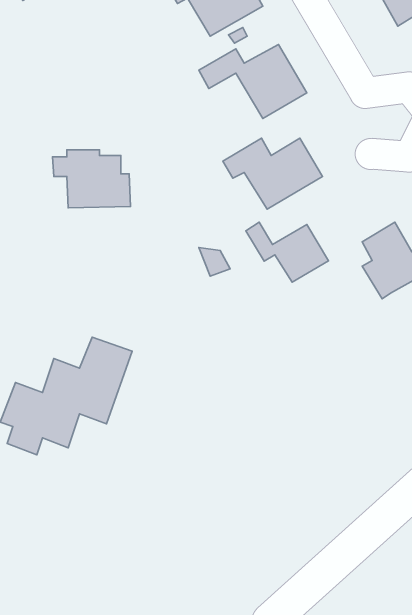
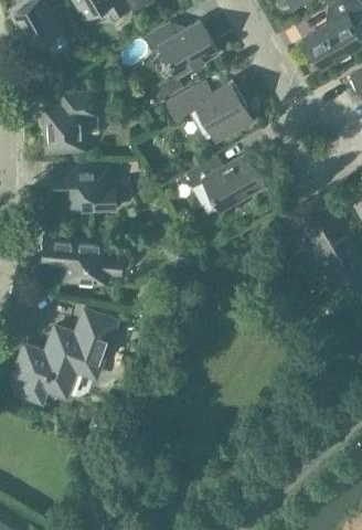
building: none -> [43,94,95,152]
building: [246,222,328,282] -> none
building: none -> [41,239,120,285]

